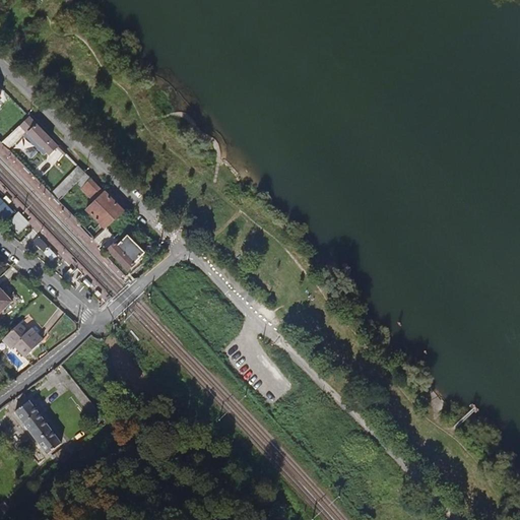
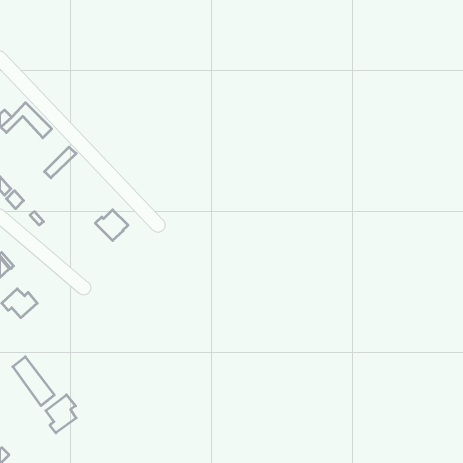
building: [80,178,124,234] -> none
building: none -> [46,395,76,433]

